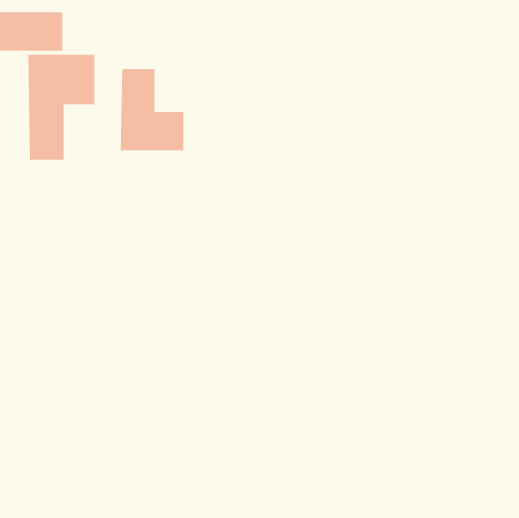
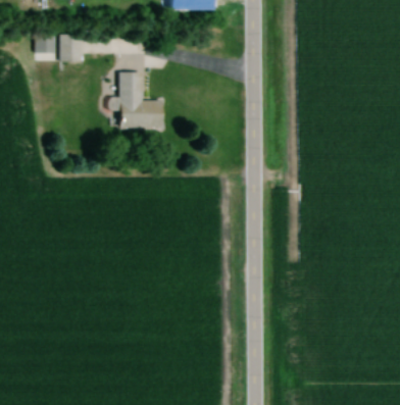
building: [27,54,95,160] -> none

